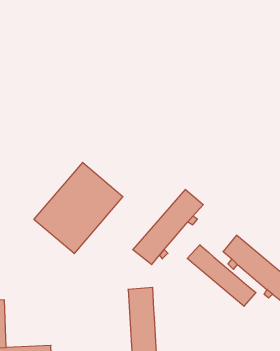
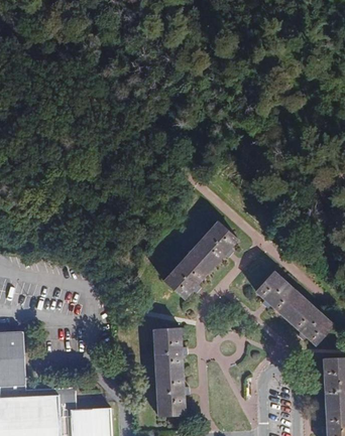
building: [34,162,123,254] -> none
building: [187,245,256,306] -> none

